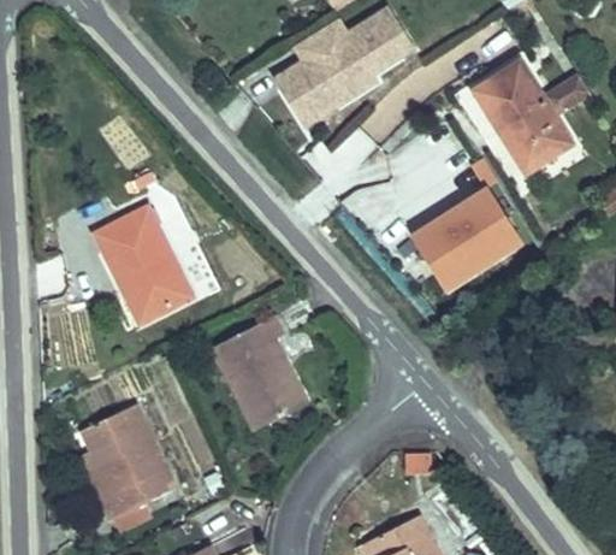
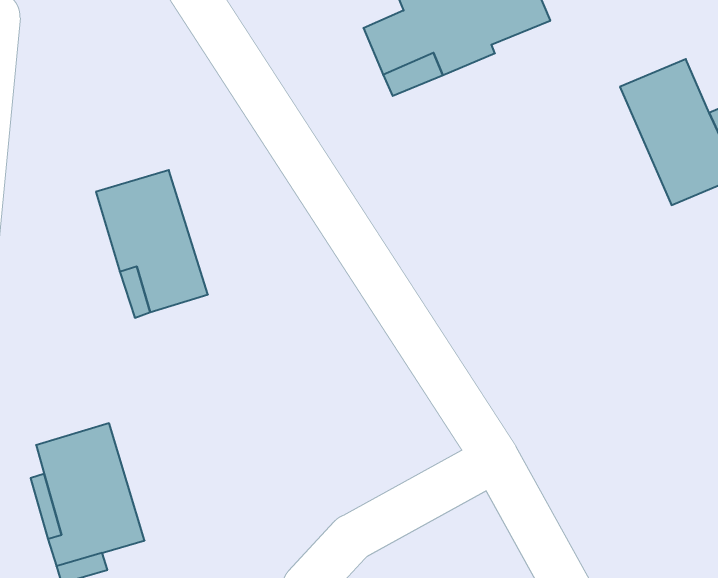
building: [408,187,526,297] -> none
building: [212,315,307,430] -> none

